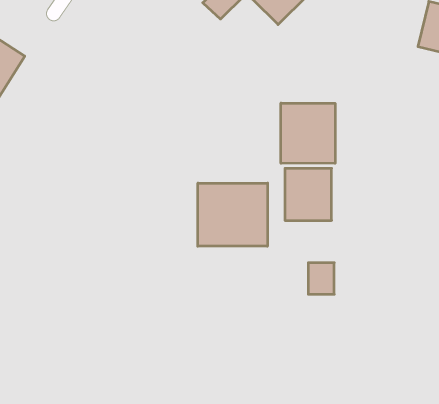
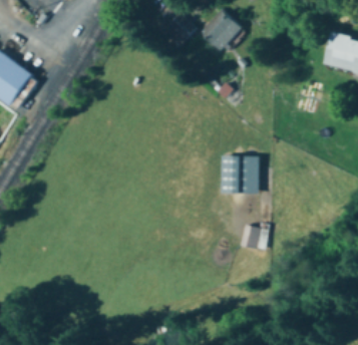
building: [281,103,335,163] -> none
building: [198,183,268,246] -> none

